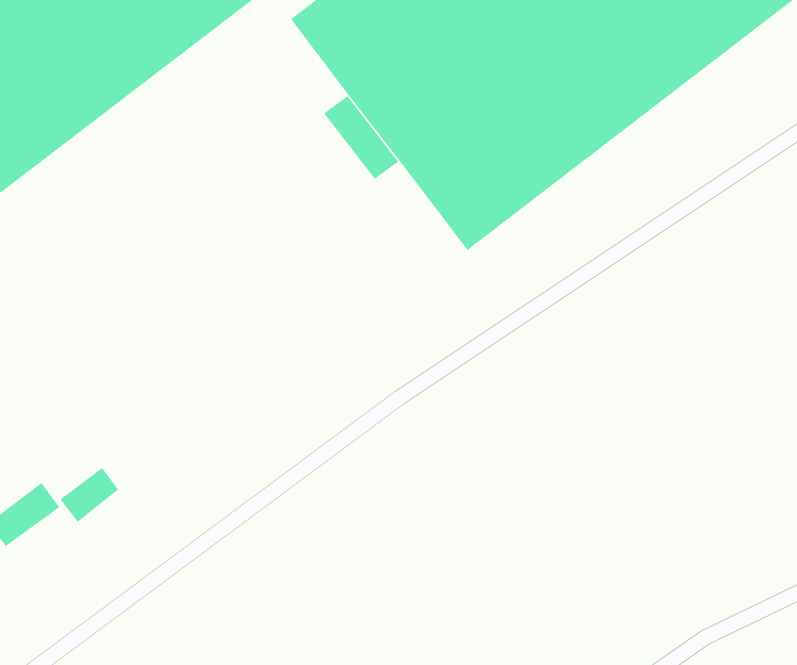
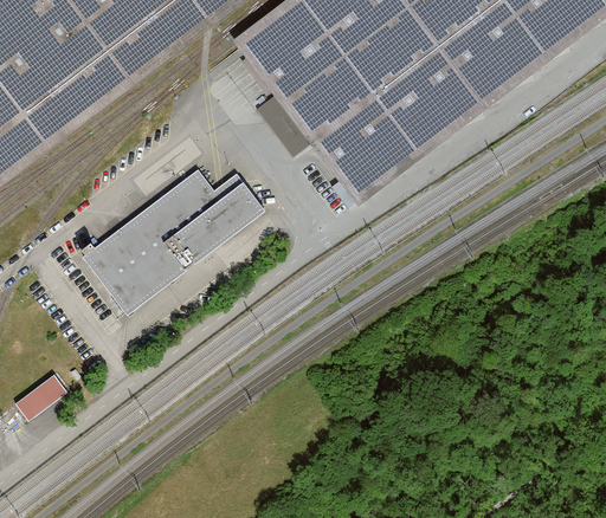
building: none -> [82,162,266,309]
building: [60,467,119,523] -> none

